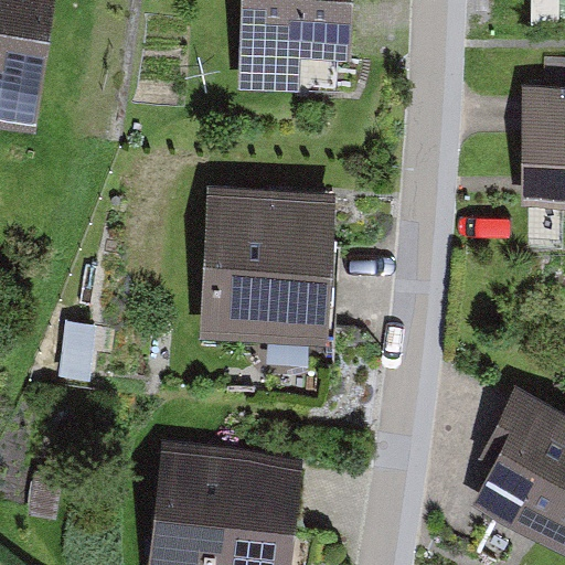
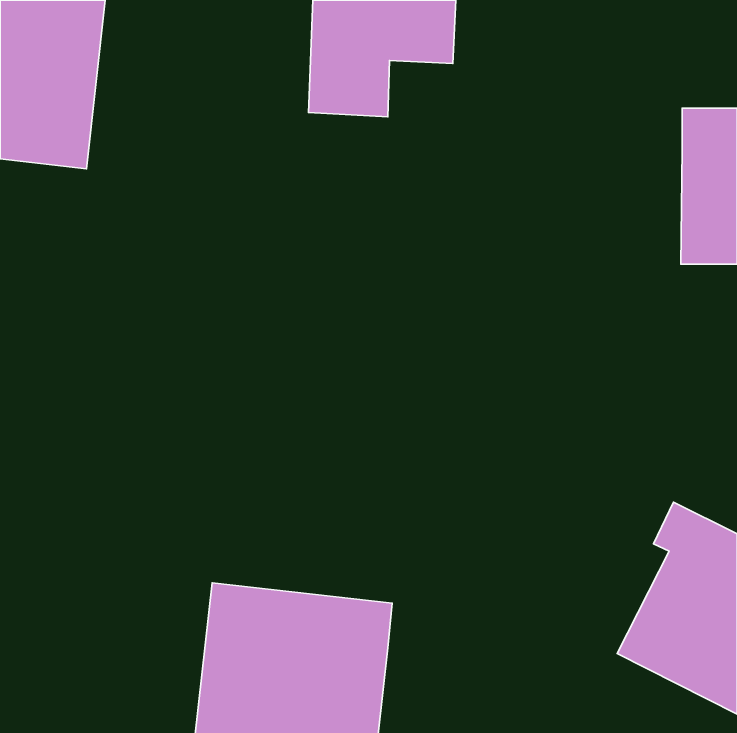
building: [198,186,334,342] -> none

